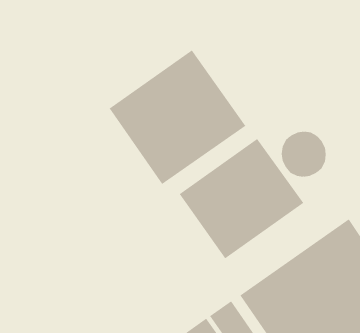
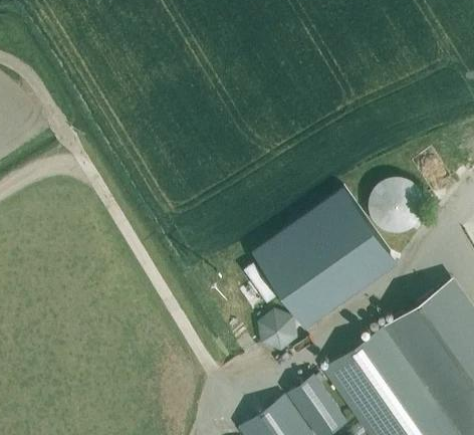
building: [109,49,246,185] -> none
building: none -> [259,310,296,351]

